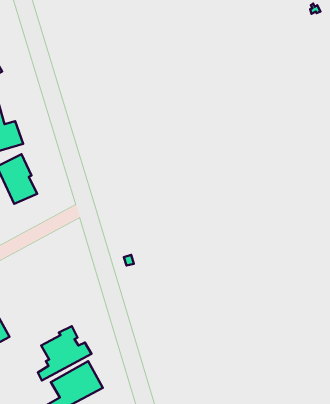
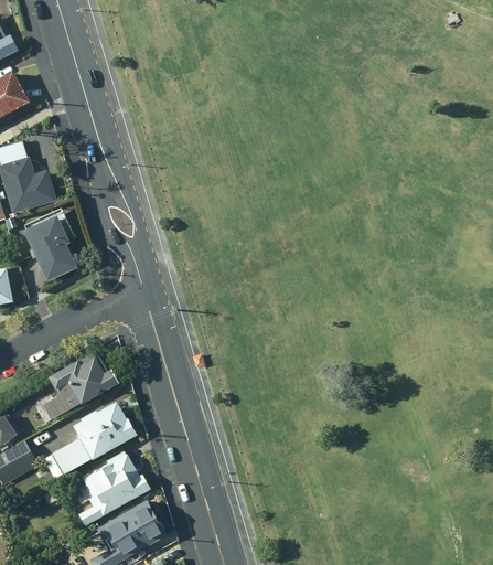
building: none -> [43,351,117,417]
building: none -> [52,403,136,473]

